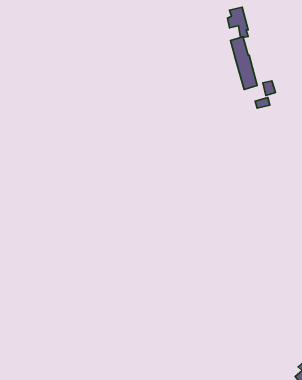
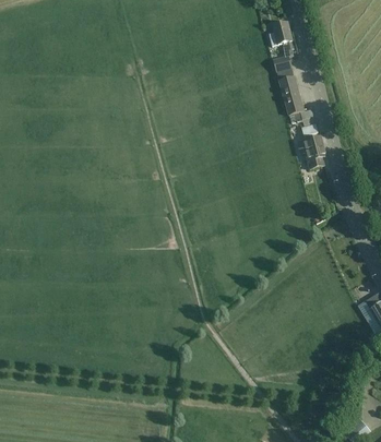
building: none -> [297,136,325,169]

